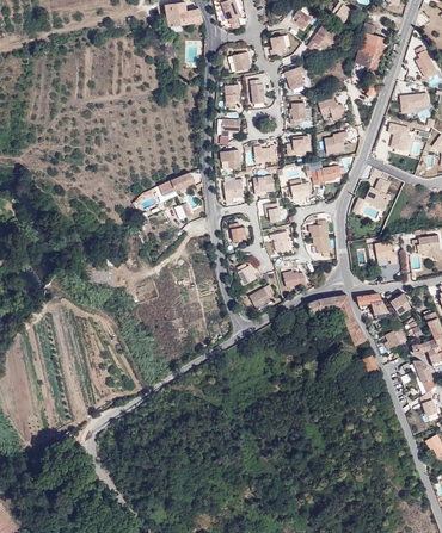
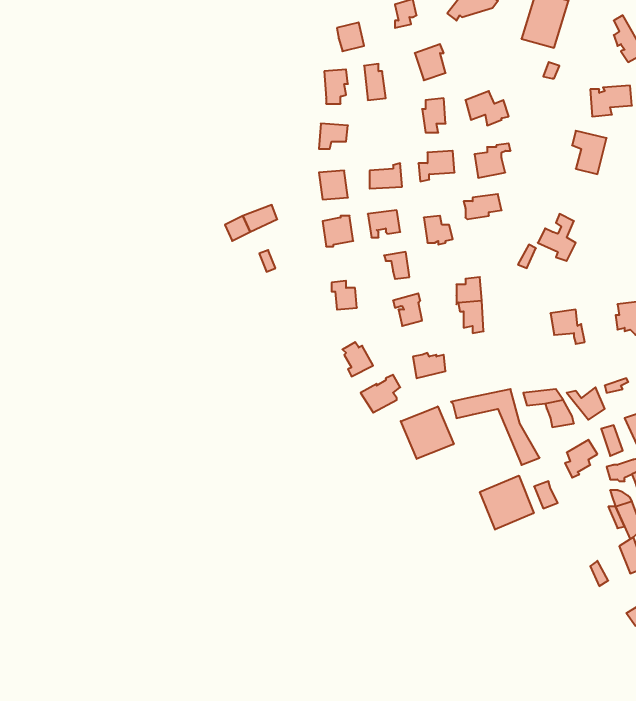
building: none -> [401,406,454,459]
building: none -> [480,476,534,530]

